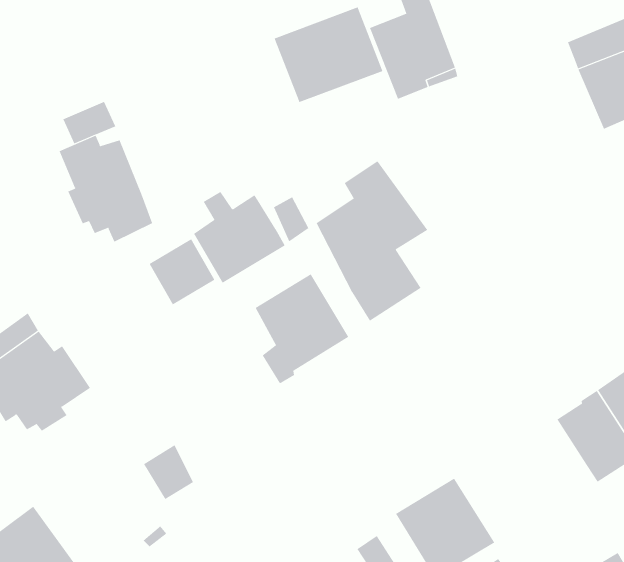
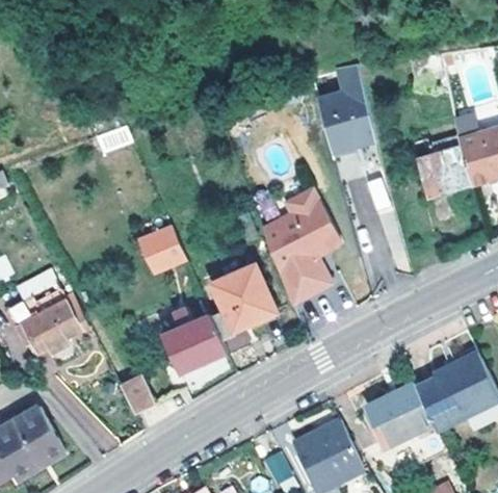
building: [274,7,383,103] -> none
building: none -> [415,135,472,198]
building: [59,135,153,243] -> none
building: [193,191,285,283] -> [163,308,228,373]
building: none -> [366,383,434,445]

